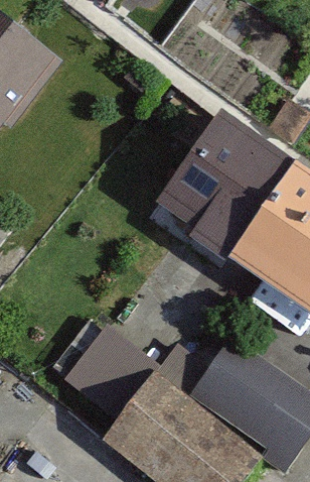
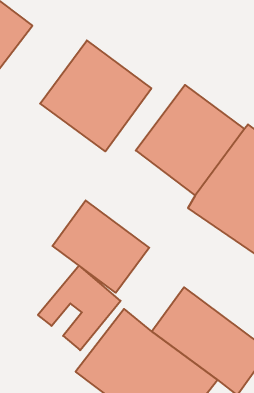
building: none -> [40,40,151,151]
building: none -> [52,200,149,293]

